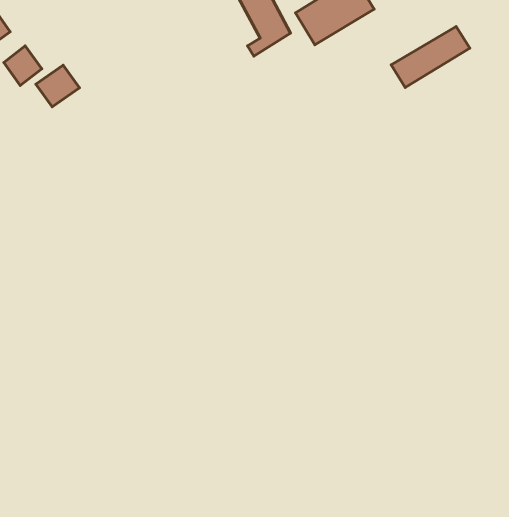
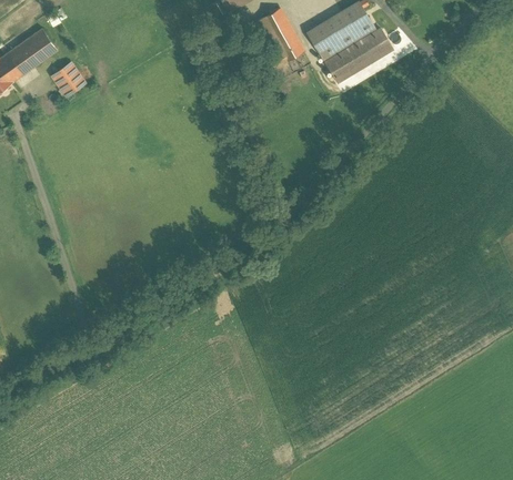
building: [391,27,470,88] -> [326,29,395,82]
building: [36,65,80,107] -> none

